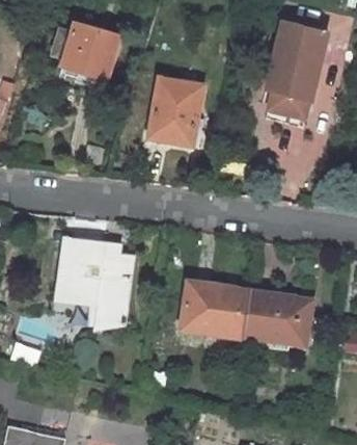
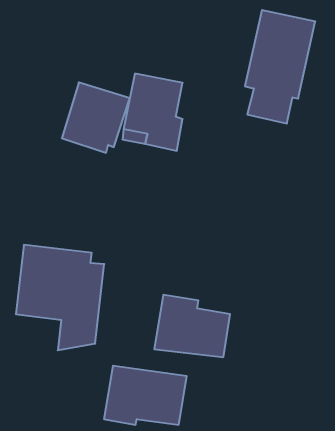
building: [59,18,121,82] -> [62,82,130,153]
building: [241,290,317,344] -> [104,366,187,425]

